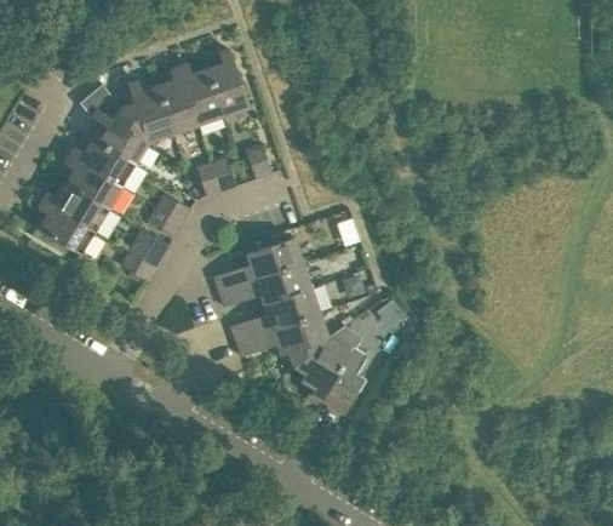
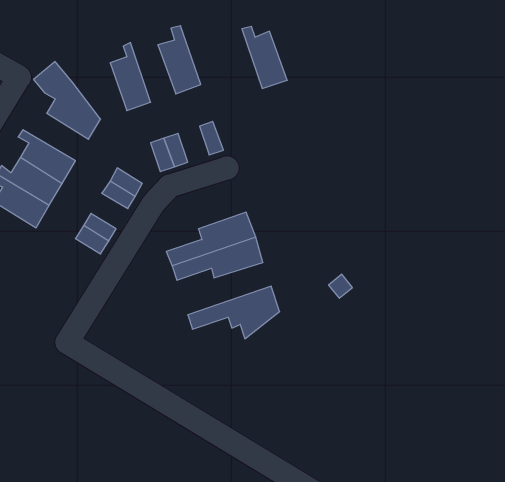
building: [176,63,222,126] -> [242,26,287,89]
building: [118,80,172,143] -> none
building: [67,137,133,185] -> none
building: [229,288,319,342] -> none
building: [292,338,367,416] -> none

